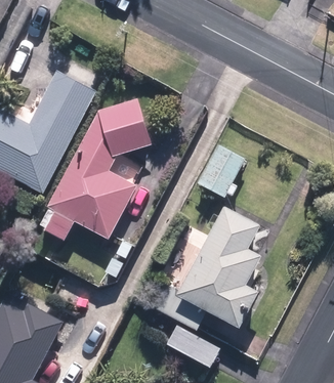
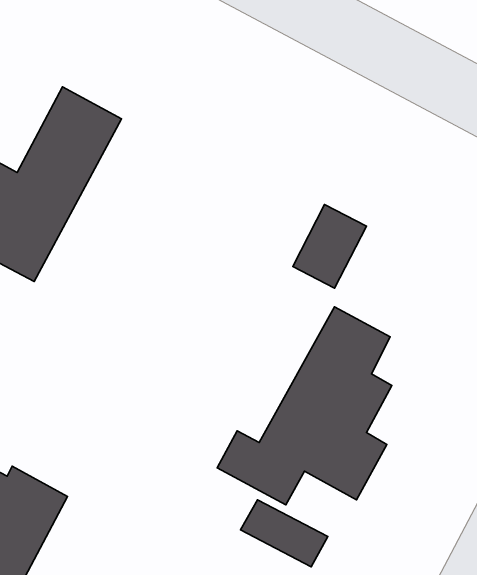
building: [39,99,152,238] -> none

